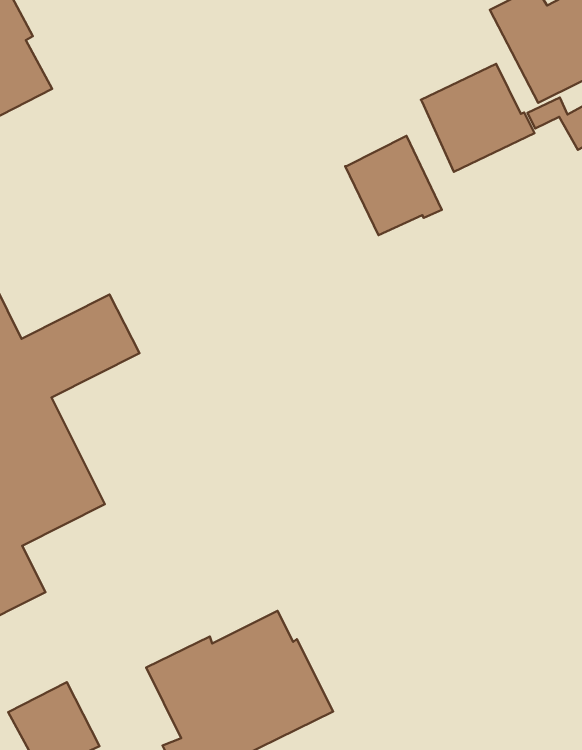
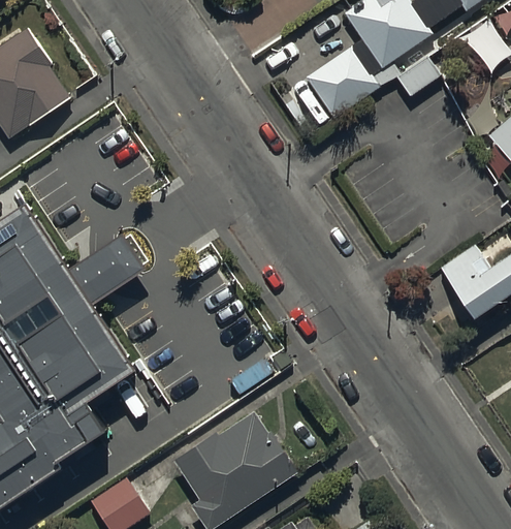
building: [345,136,442,235] -> none

